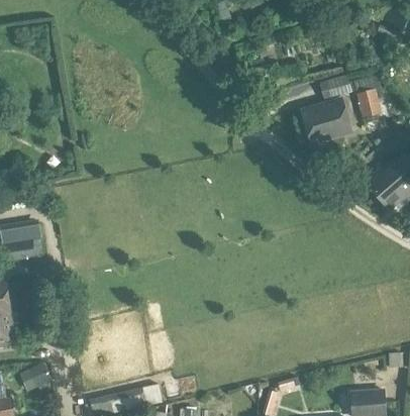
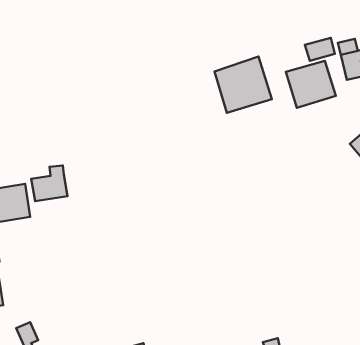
building: none -> [214,57,272,113]
building: none -> [31,166,67,201]

